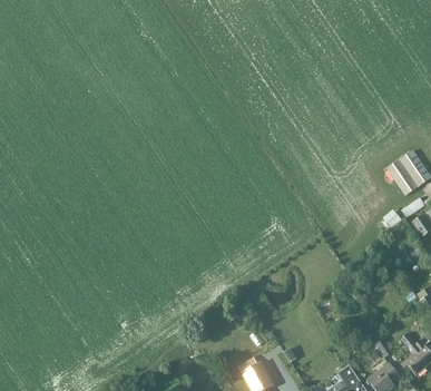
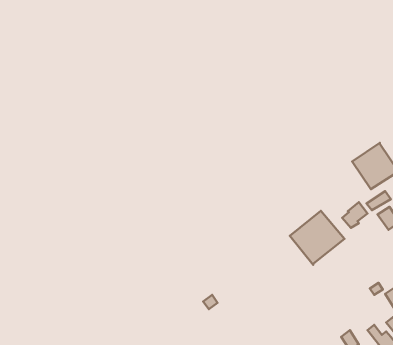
building: none -> [290,211,345,265]

